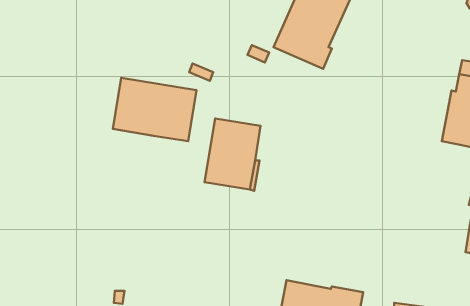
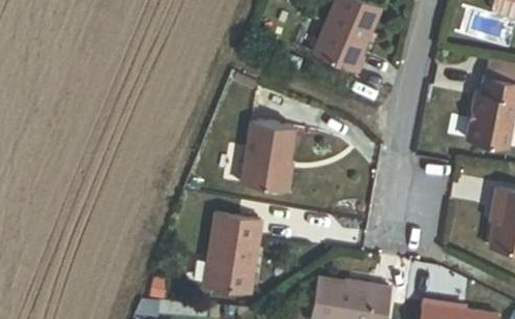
building: [113,78,197,141] -> none
building: none -> [205,212,262,292]

